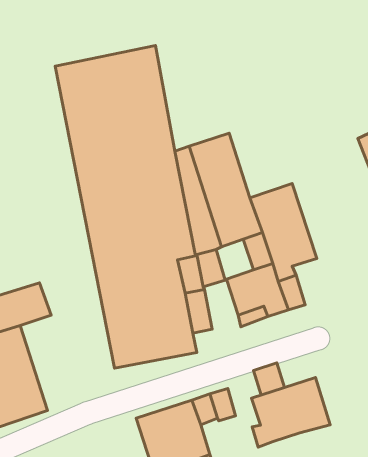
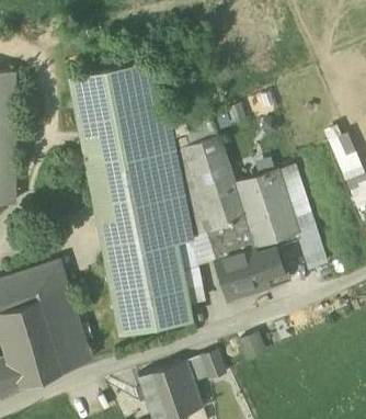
building: none -> [272,170,329,275]
building: none -> [41,291,90,372]
building: [252,378,330,447] -> none

